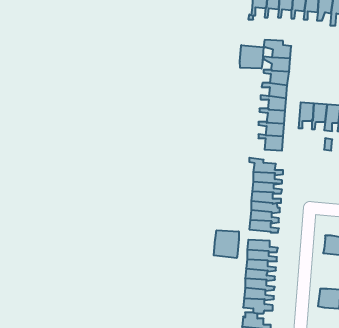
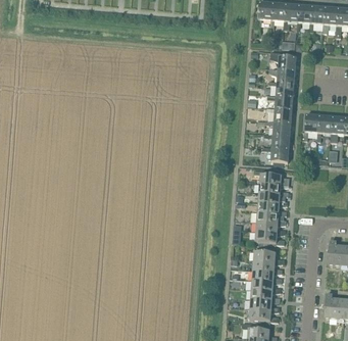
building: [240,45,264,69] -> none
building: [214,230,239,258] -> none

